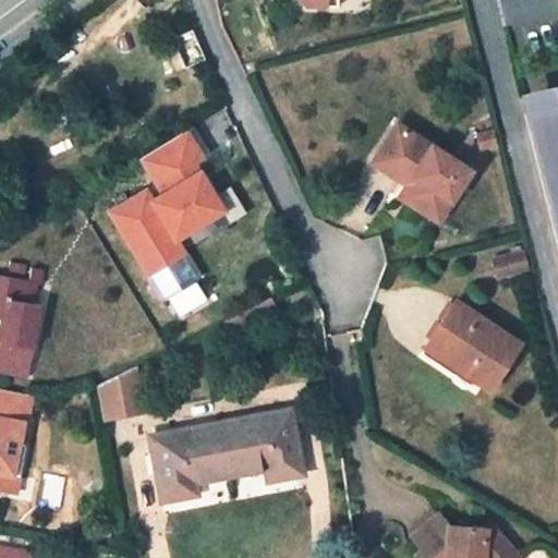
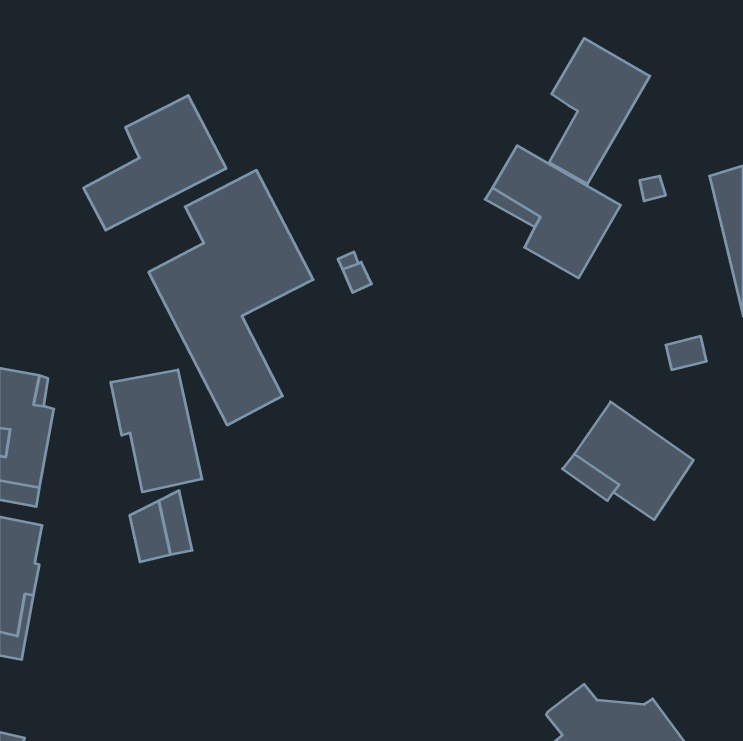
building: none -> [549,38,650,184]
building: none -> [84,95,226,230]
building: none -> [111,370,202,492]
building: [151,414,300,502] -> none

